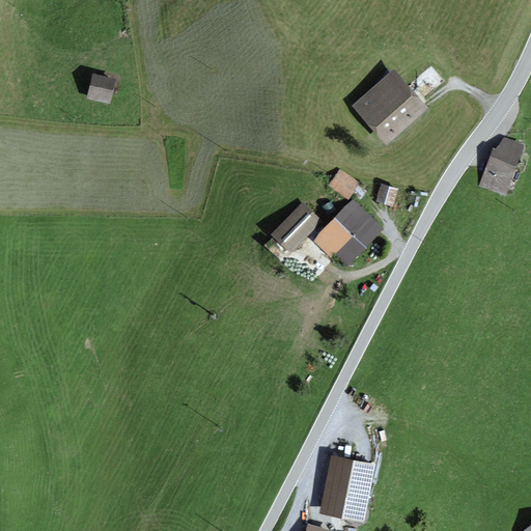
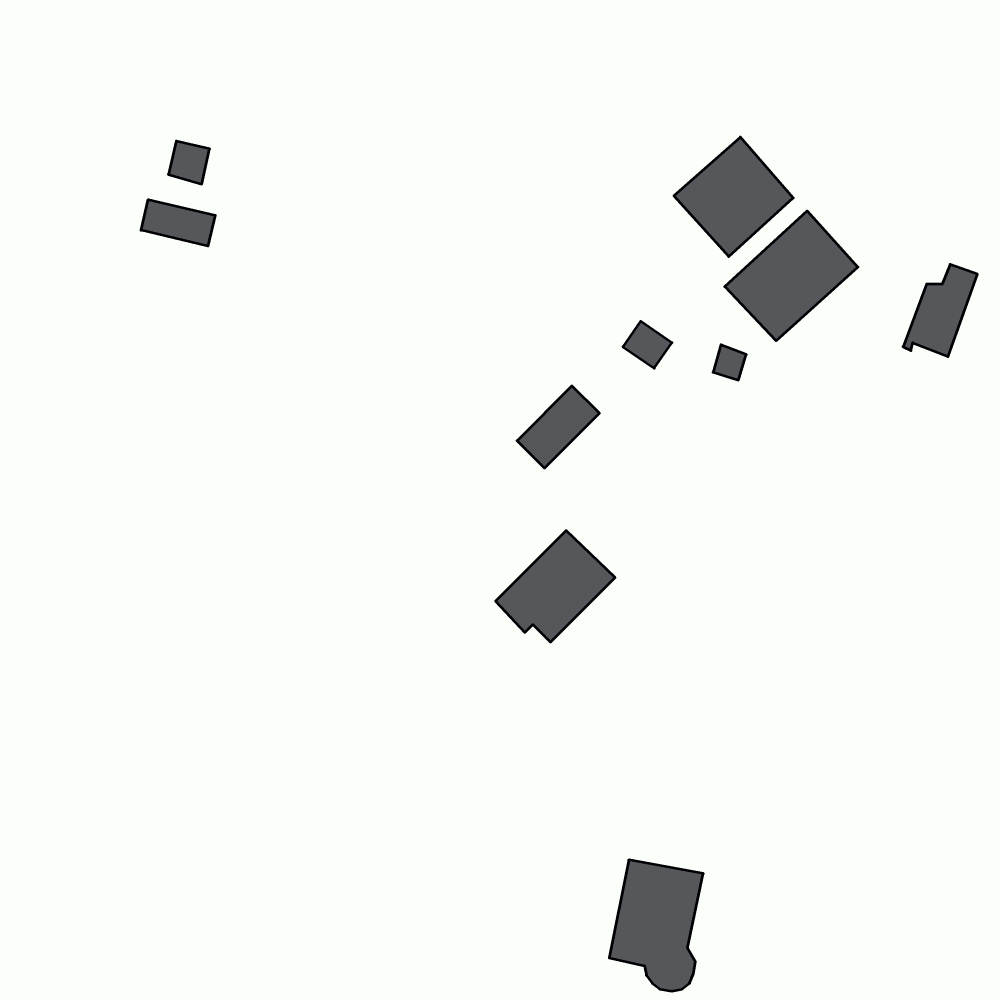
building: none -> [141,200,215,246]
building: none -> [725,211,858,341]
building: [314,201,378,260] -> [496,531,615,642]

